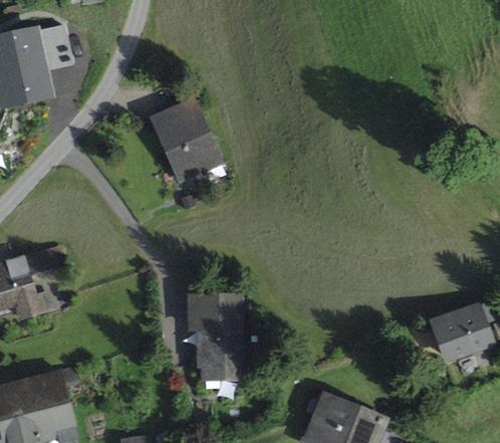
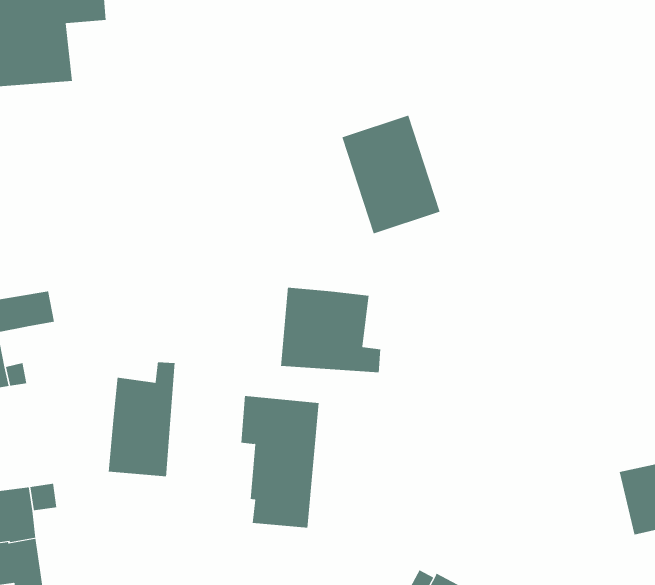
building: [151,100,219,179] -> [341,115,441,234]
building: none -> [280,287,381,373]
building: none -> [108,361,175,477]

